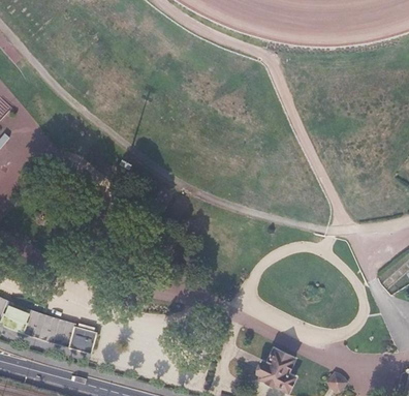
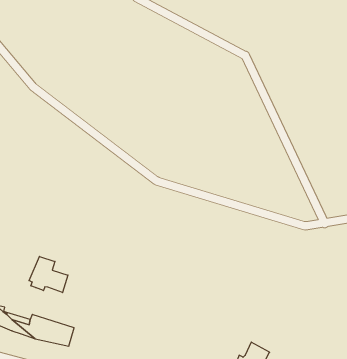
building: none -> [29,256,68,293]

